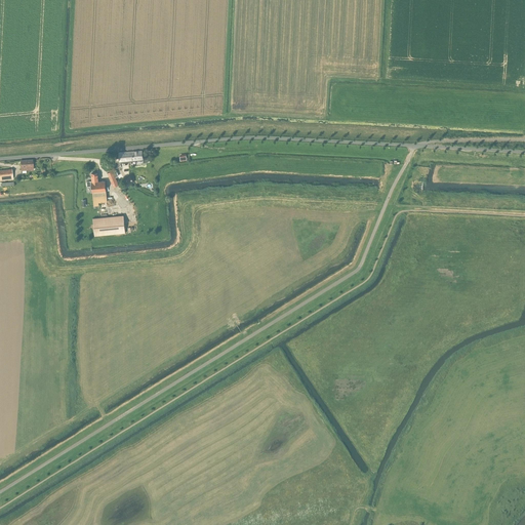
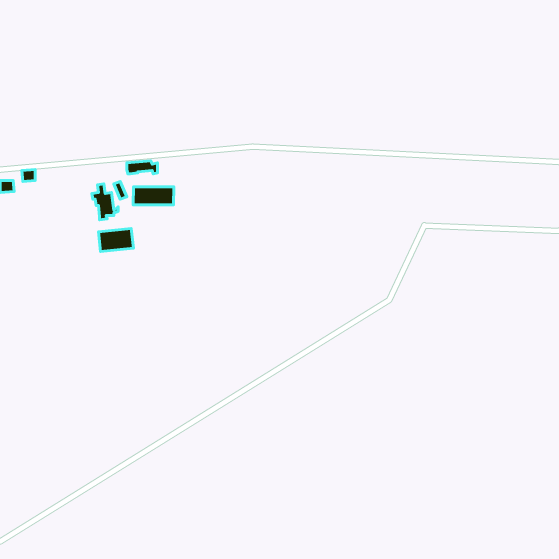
building: none -> [133,187,174,205]

